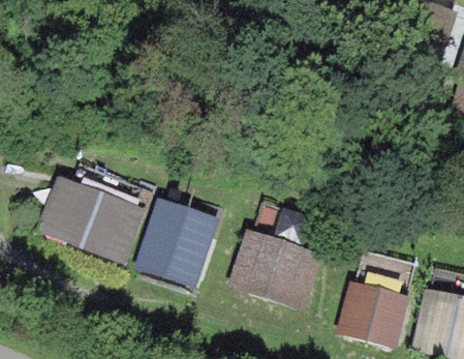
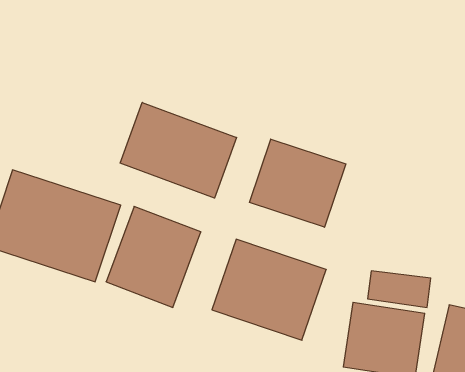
building: none -> [120,102,237,198]
building: none -> [249,139,346,227]

